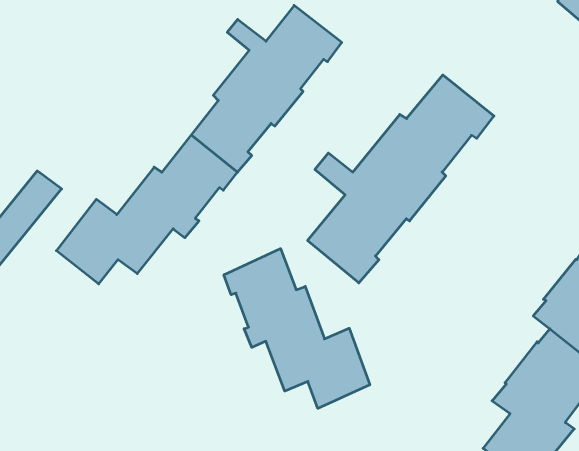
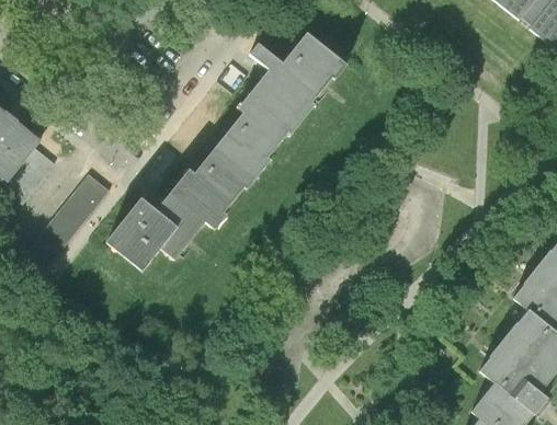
building: [308,75,494,283] -> none
building: [224,249,370,408] -> none

